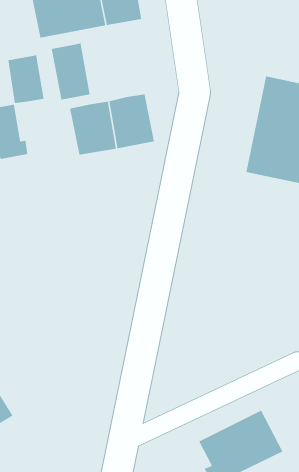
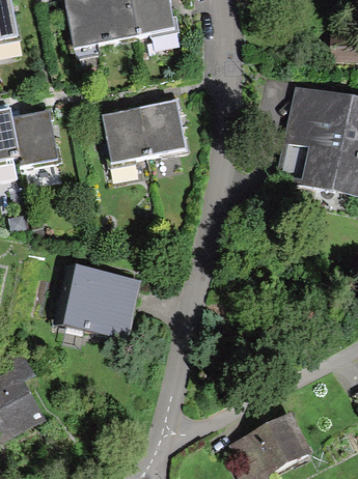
building: [51,43,90,101] -> none
building: [8,55,45,104] -> none
building: none -> [53,263,141,339]

